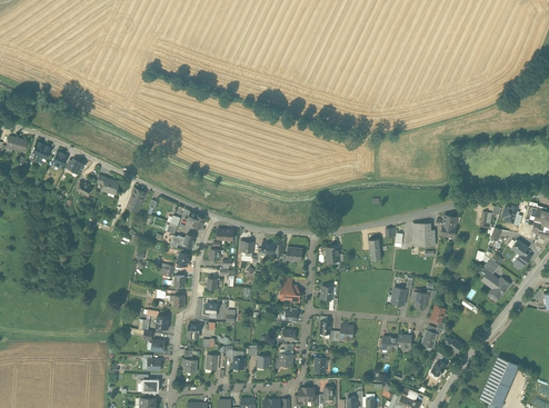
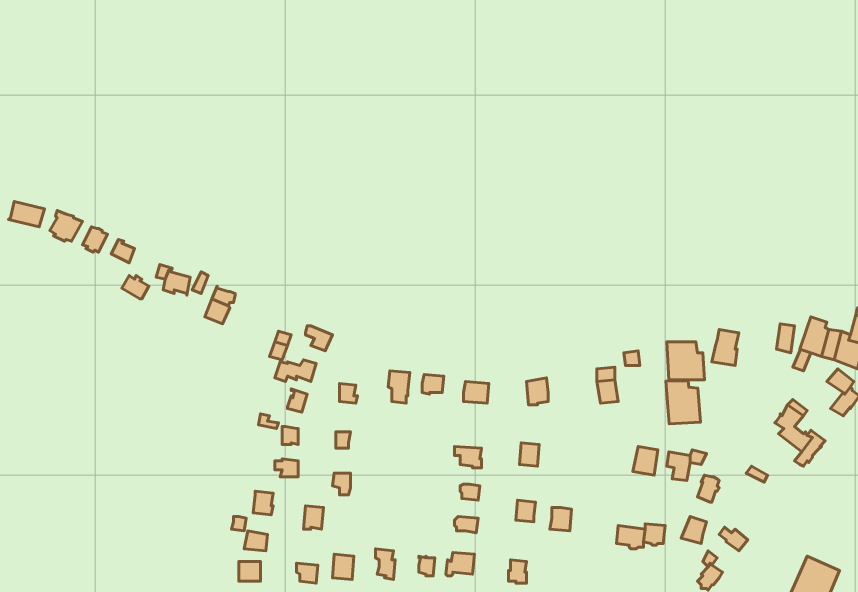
building: none -> [666,381,700,424]

